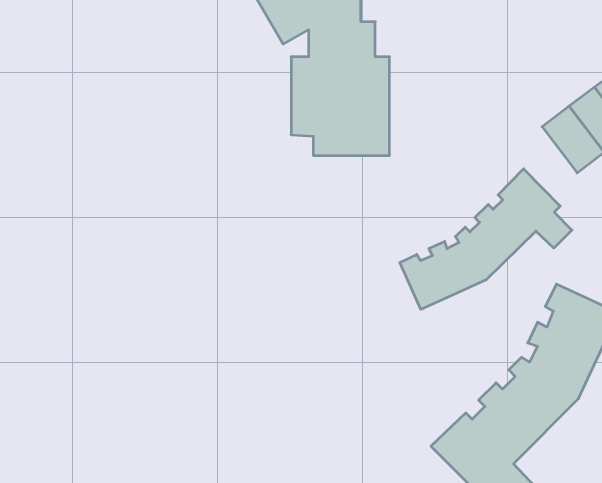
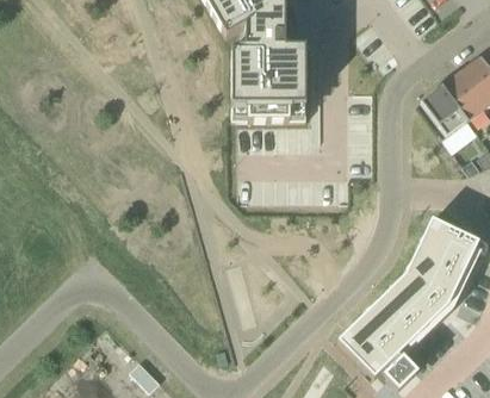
building: [400,169,572,309] -> none

